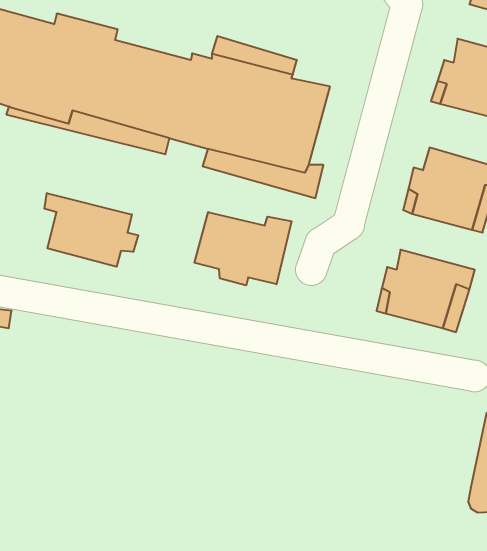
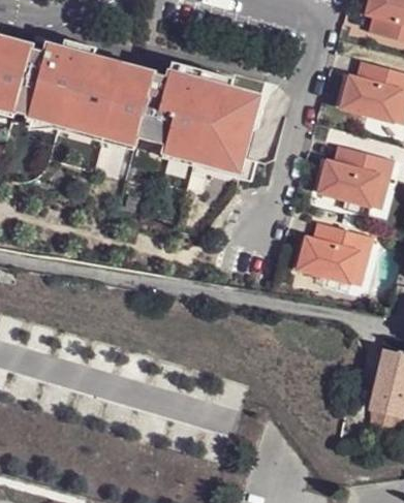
building: [44,193,138,267] -> none
building: [194,212,292,285] -> none

